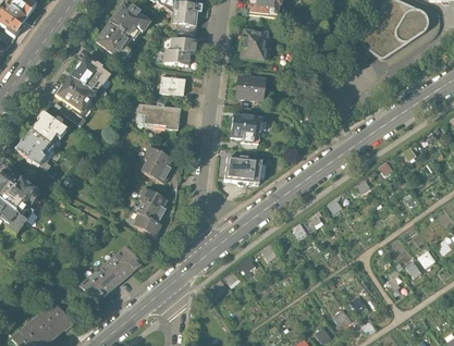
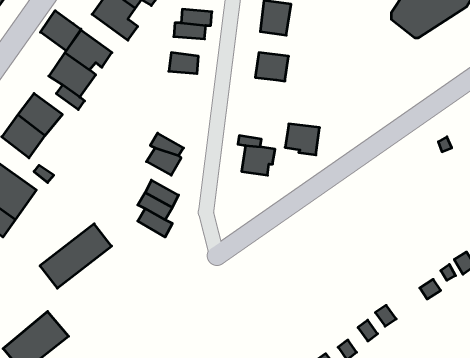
building: none -> [40,11,81,51]
building: [138,99,184,127] -> none
building: [233,113,263,140] -> [285,124,320,155]
building: [82,244,145,300] -> [40,224,112,288]

